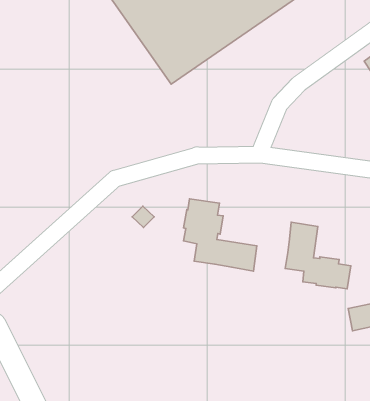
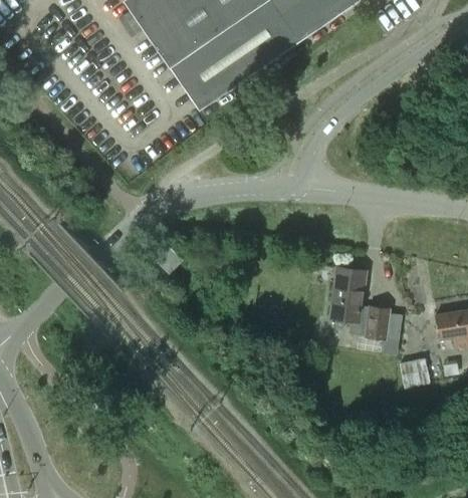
building: [183,199,257,271] -> none

